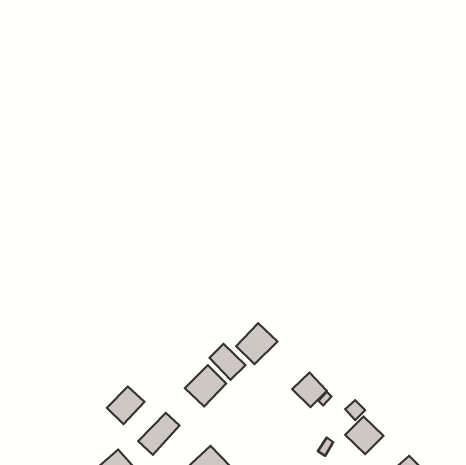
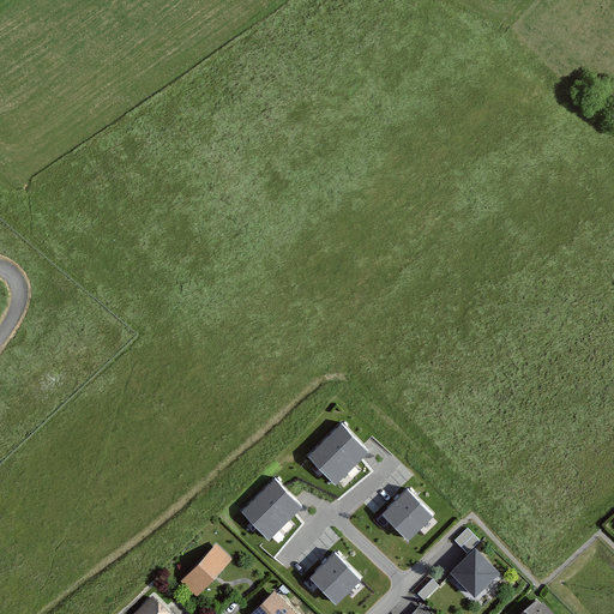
building: [209,344,246,380] -> none
building: [107,386,144,424] -> none
building: none -> [311,555,356,601]

